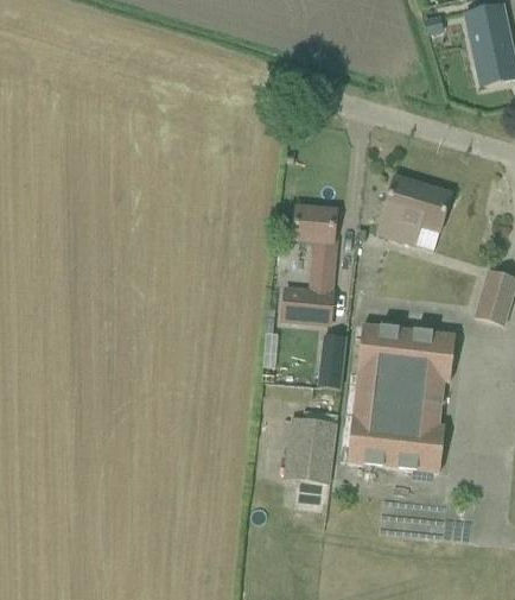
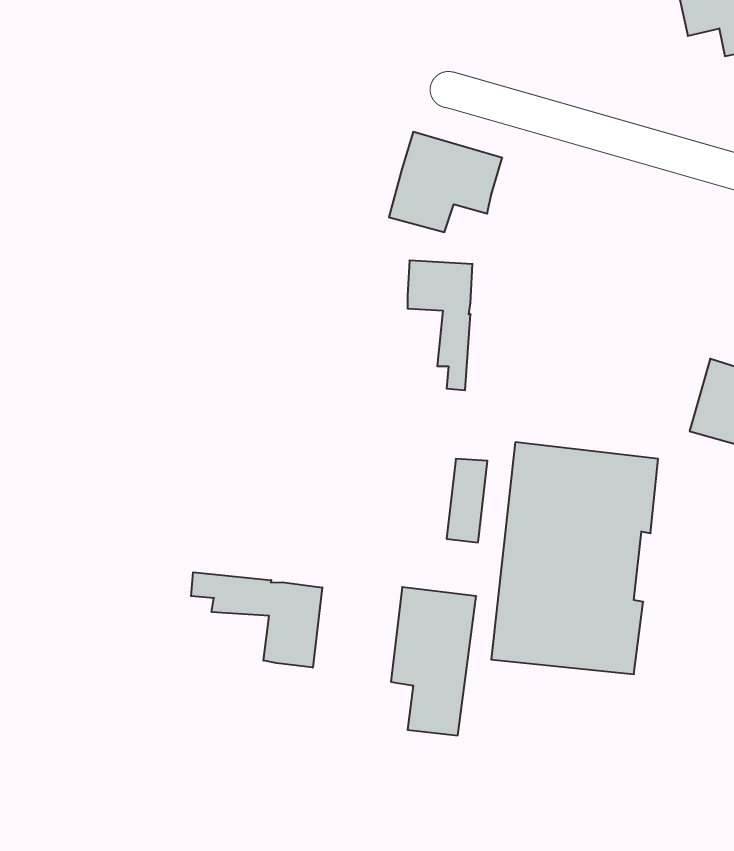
building: [379,176,451,240] -> [389,132,502,232]
building: [281,286,333,321] -> none
building: none -> [191,572,322,668]

